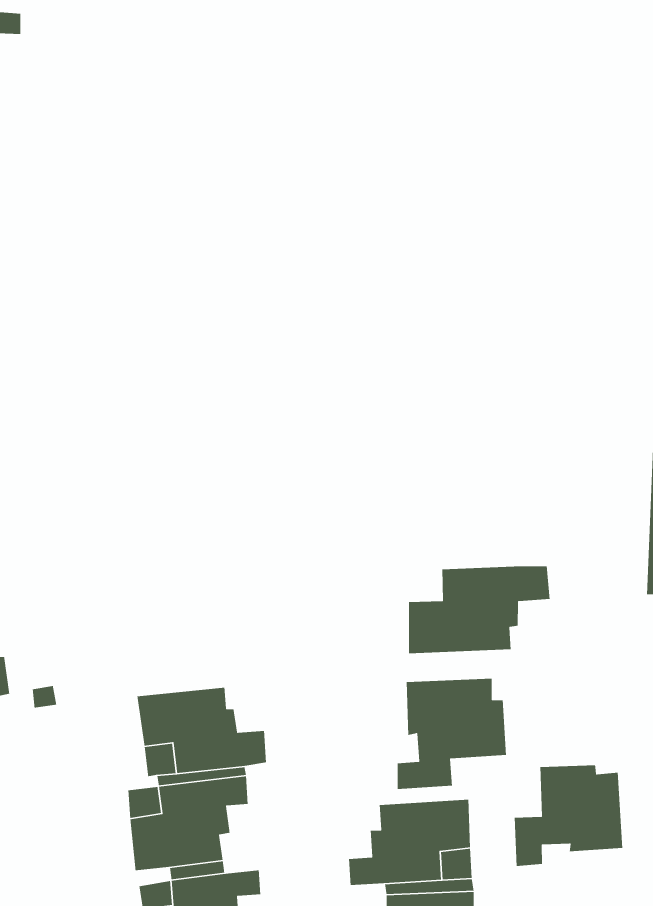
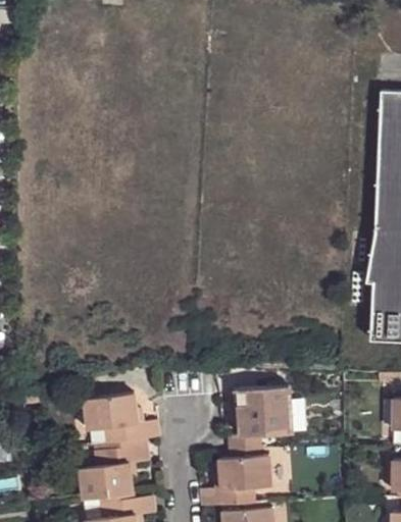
building: [408,566,551,654] -> none
building: [514,764,623,867] -> none

